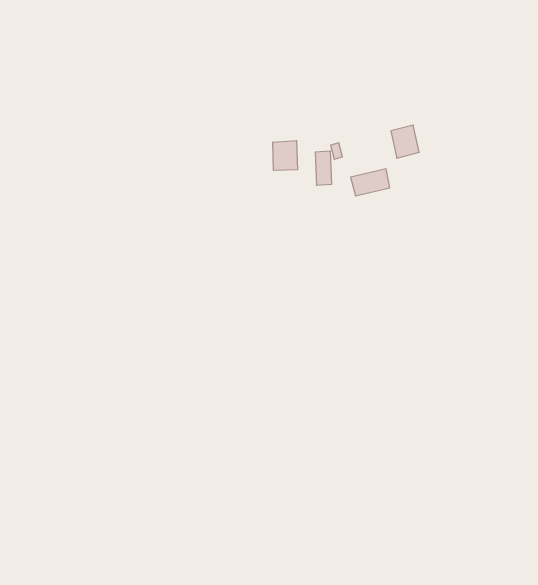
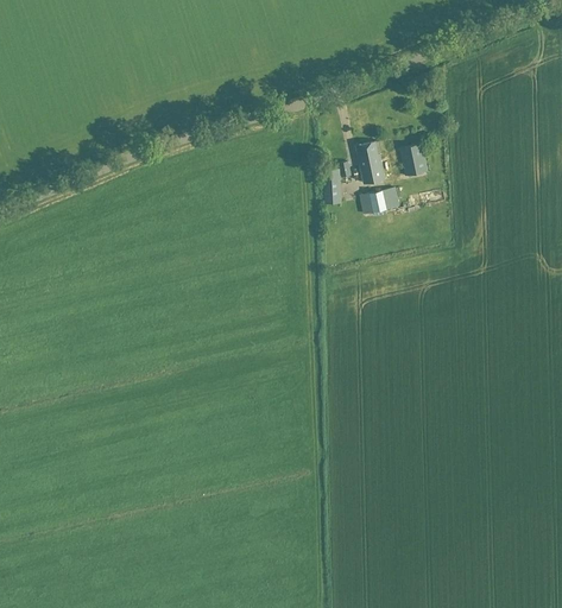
building: none -> [356,141,383,182]
building: [273,141,297,170] -> none

